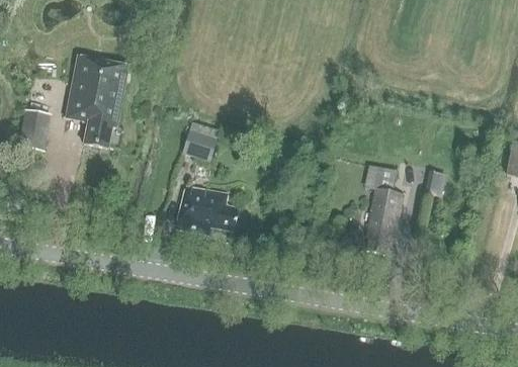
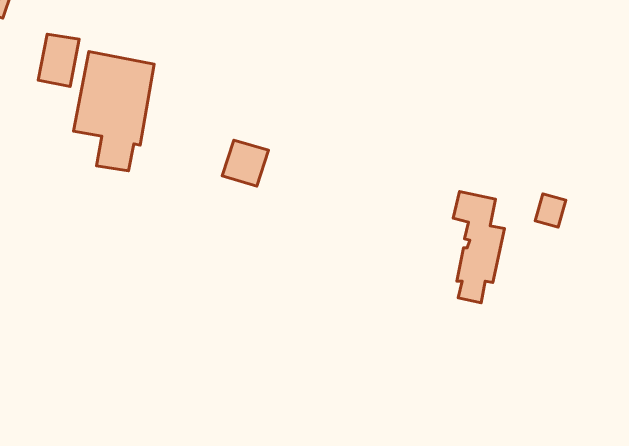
building: [18,109,51,151] -> [38,34,79,87]
building: [177,186,238,233] -> none

